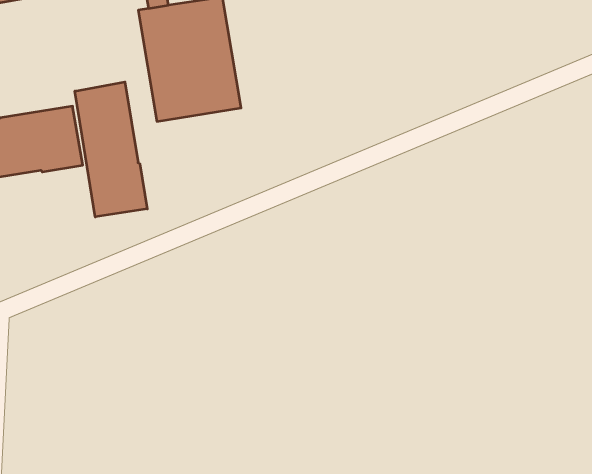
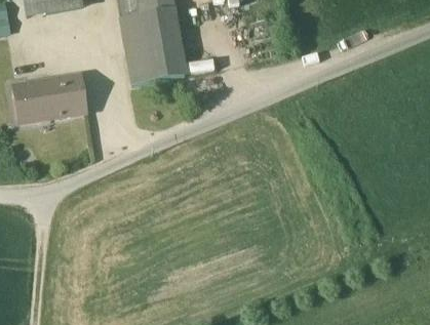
building: [75,82,147,217] -> none

